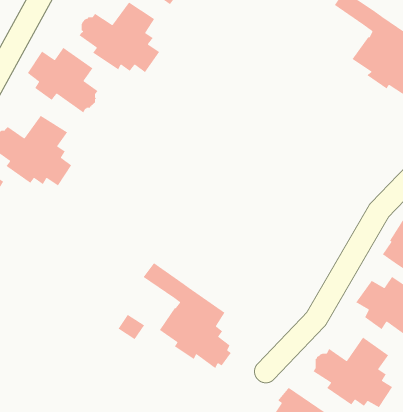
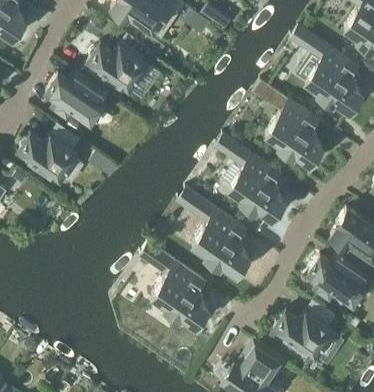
building: none -> [266,99,324,164]
building: none -> [215,133,286,218]
building: none -> [178,187,251,274]

